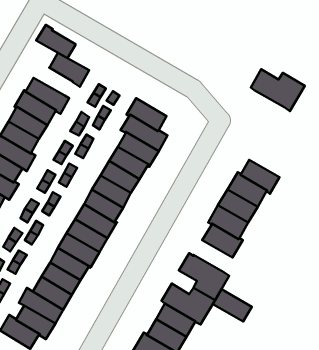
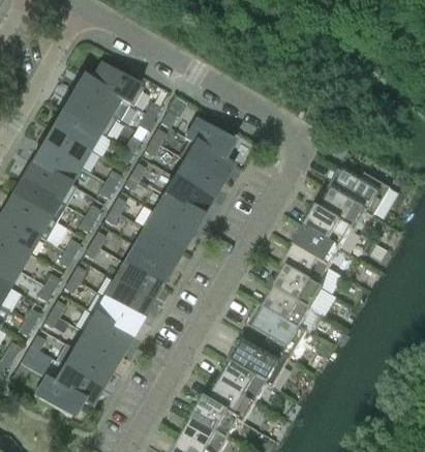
building: [36,25,75,58] -> [74,76,121,115]
building: [251,69,305,111] -> [327,167,391,216]
building: [213,289,252,321] -> [265,287,311,325]

